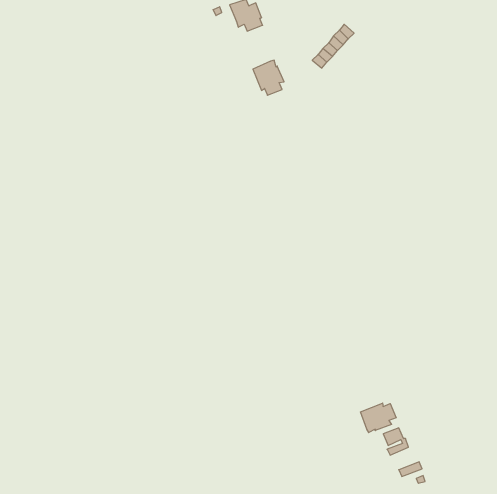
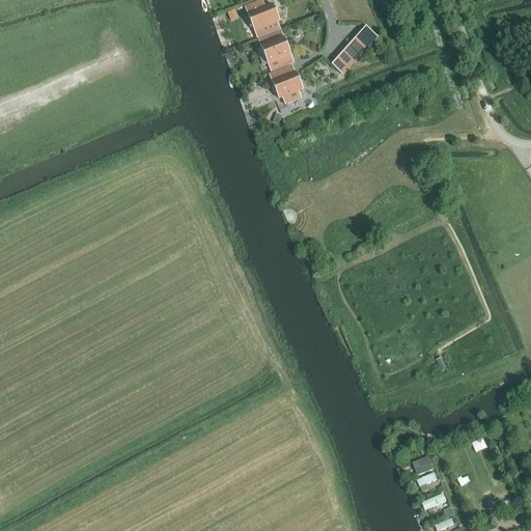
building: none -> [258,30,294,68]
building: [360,403,396,433] -> none

